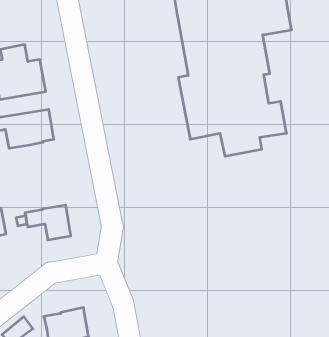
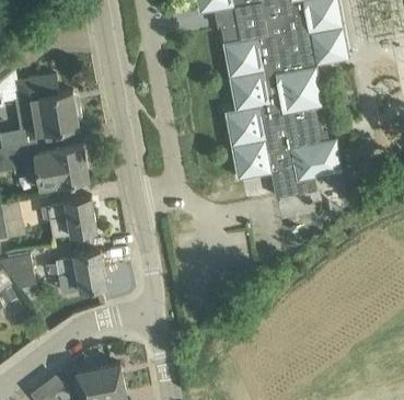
building: none -> [46,197,95,238]

